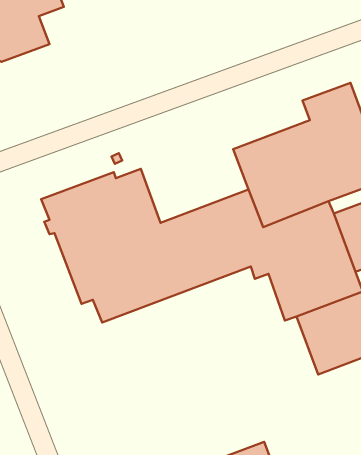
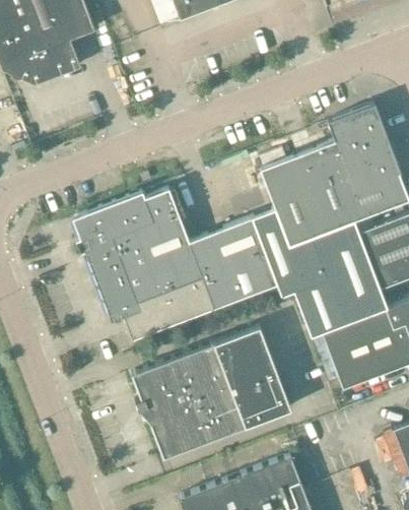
building: none -> [131,326,291,459]

